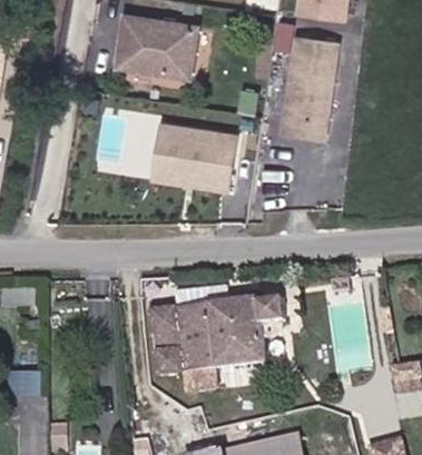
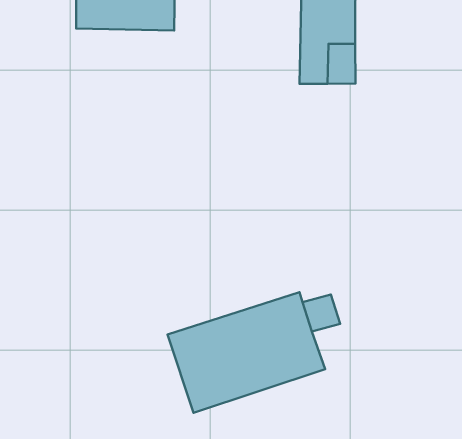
building: [150,120,233,186] -> none

